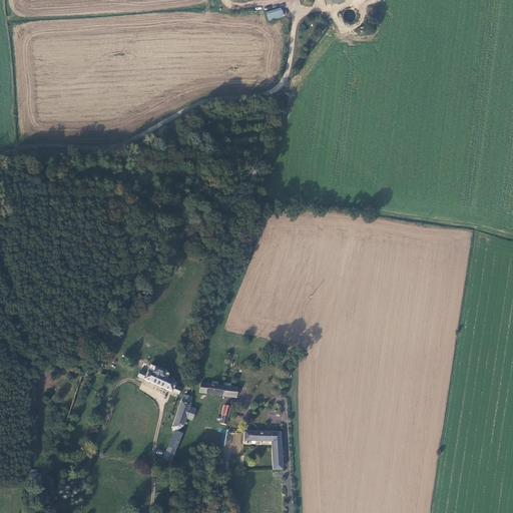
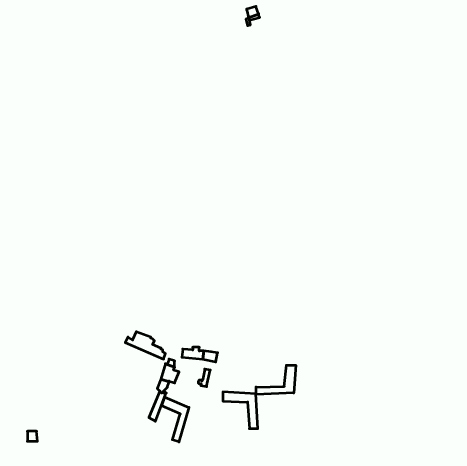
building: none -> [256,365,296,394]
building: none -> [162,397,189,442]

